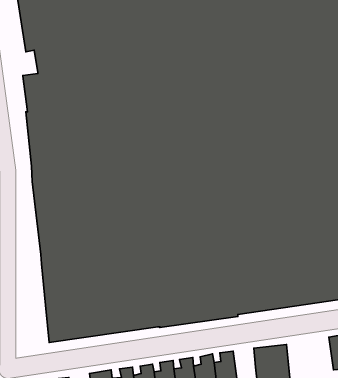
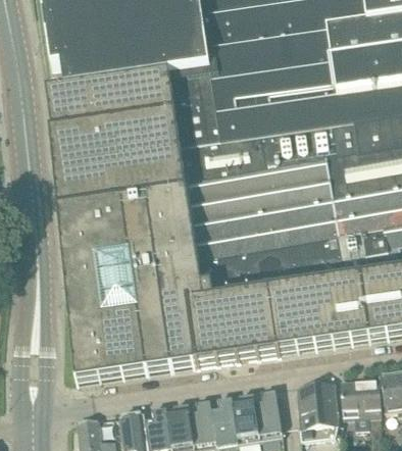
building: none -> [342,382,383,417]

